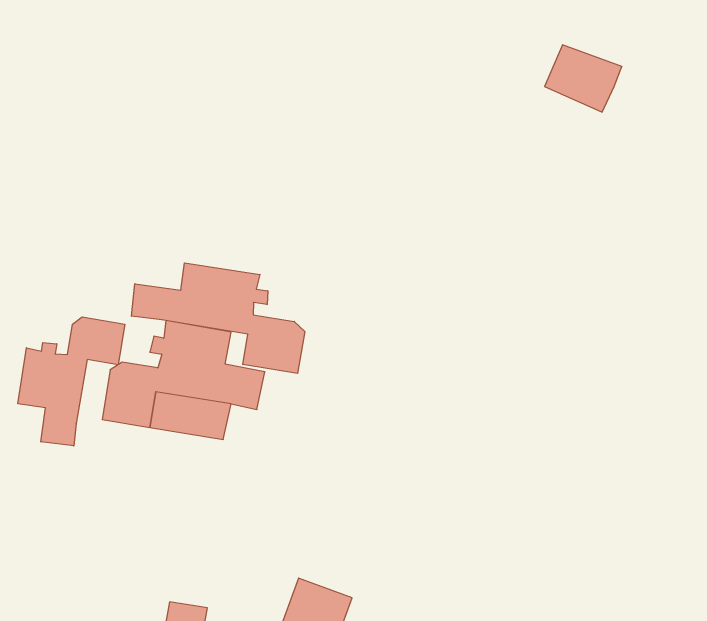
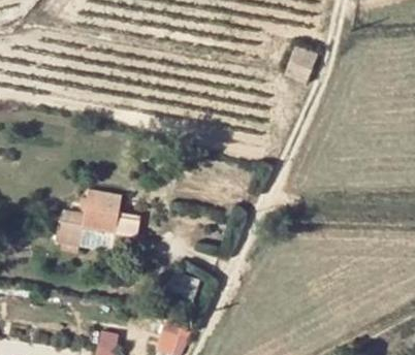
building: [132,263,305,373] -> none
building: [18,317,125,446] -> none

